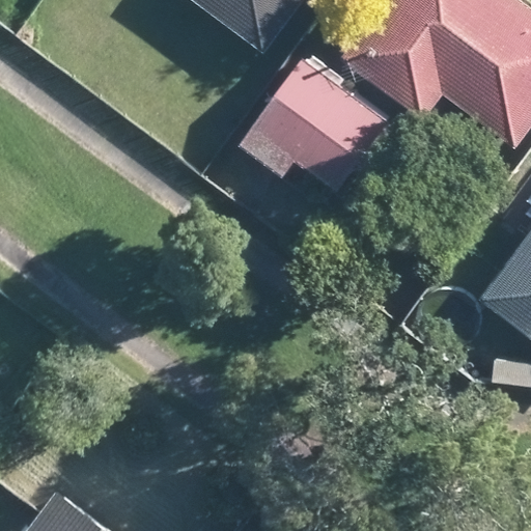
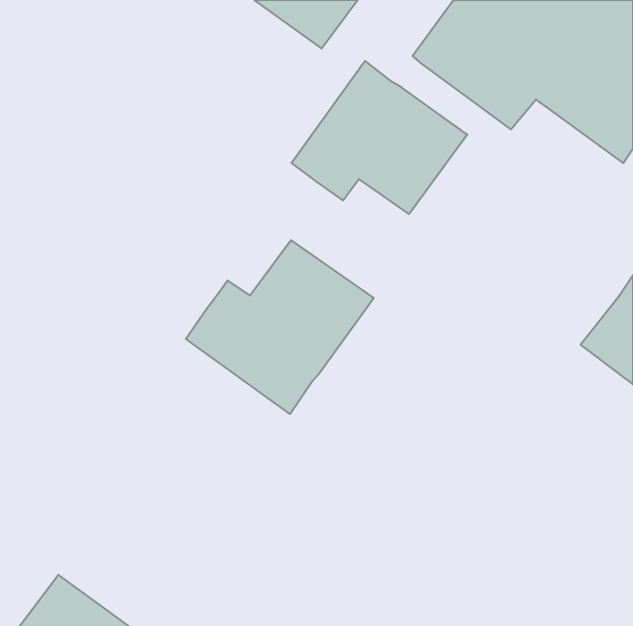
building: none -> [186,240,374,414]

